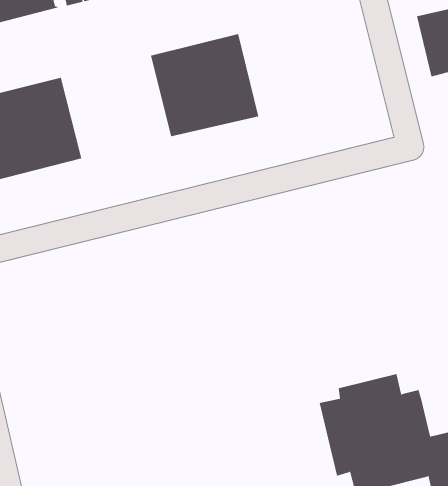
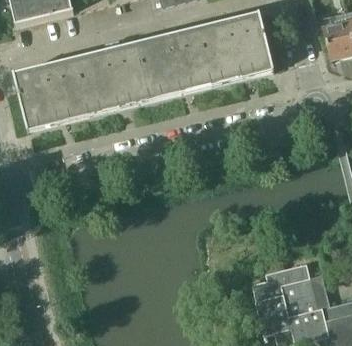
building: none -> [197,10,273,84]
building: none -> [75,42,150,113]

